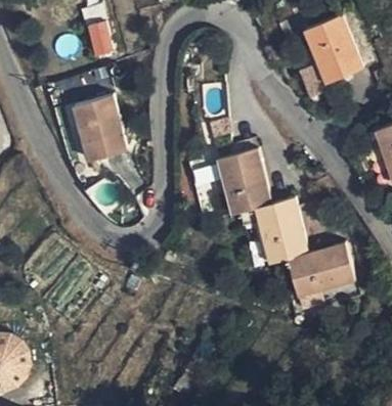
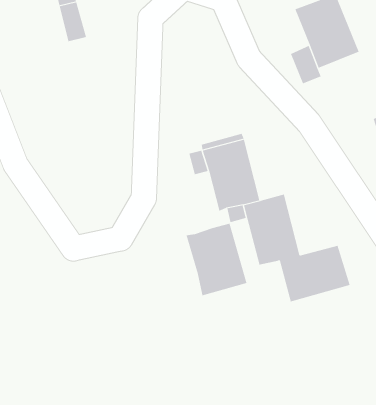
building: [74,94,127,160] -> none
building: none -> [186,223,247,296]

